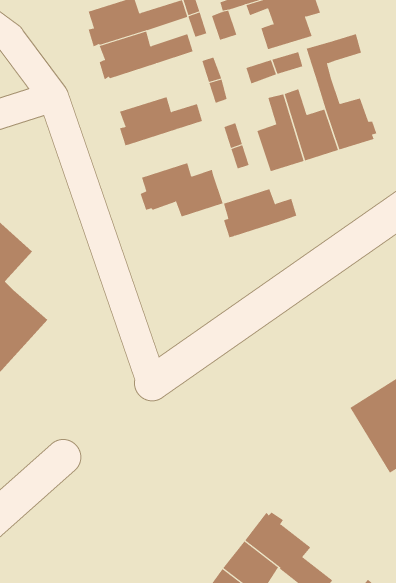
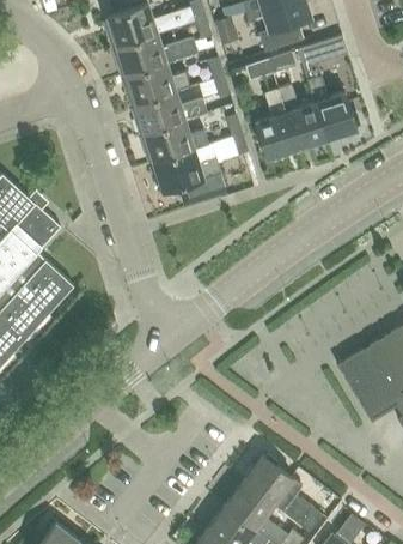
building: none -> [126,64,191,107]
building: [223,188,297,238] -> [145,121,209,164]

